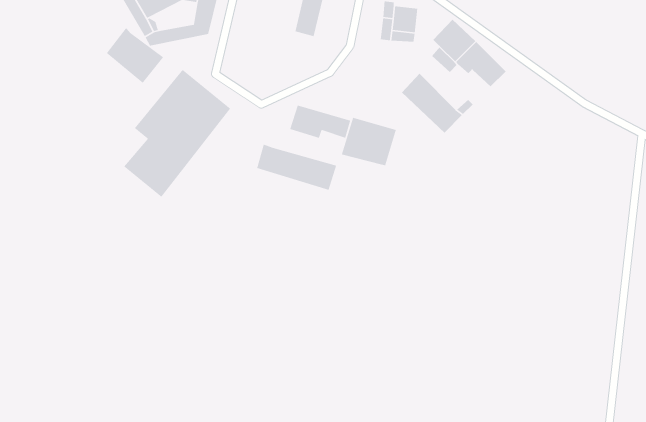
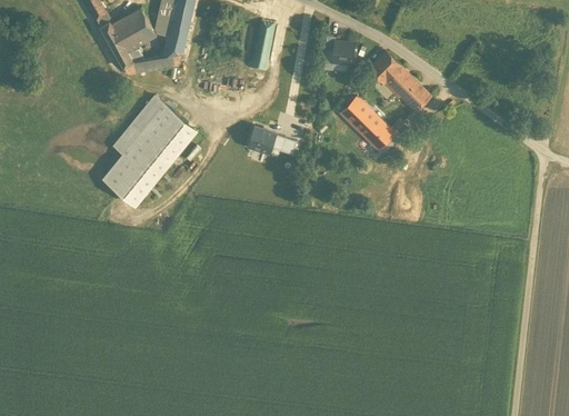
building: [106,27,164,84] -> none
building: [341,117,397,166] -> none
building: [256,143,337,191] -> none

